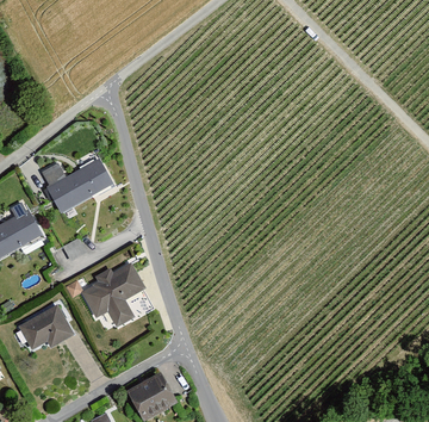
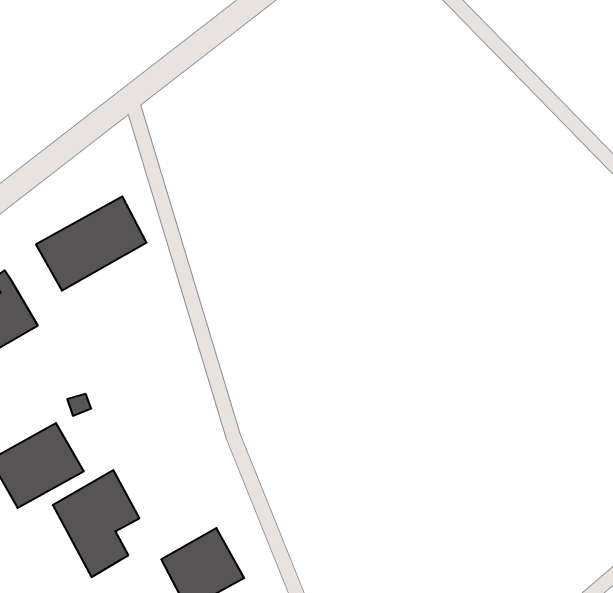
building: [88,260,144,329] -> [53,470,139,577]

